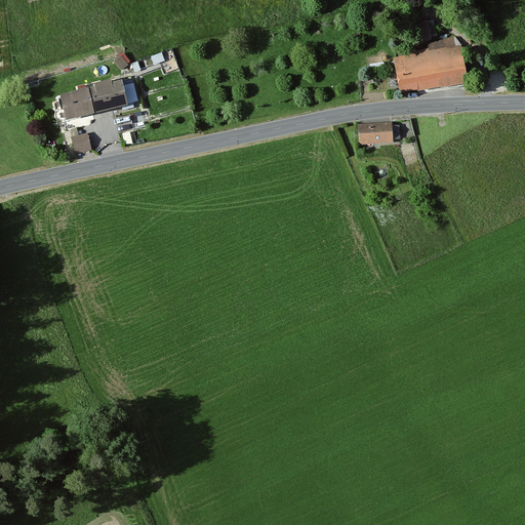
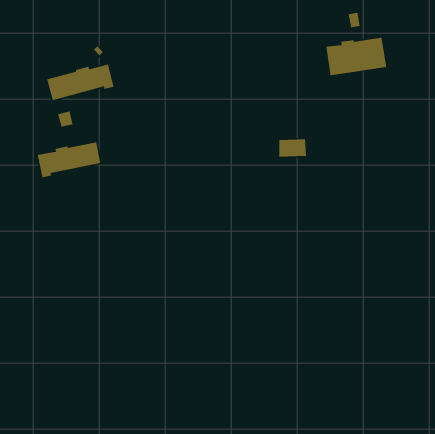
building: [357,120,391,143] -> [279,139,307,157]
building: none -> [37,141,101,178]

